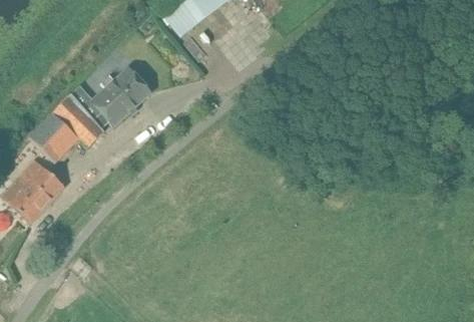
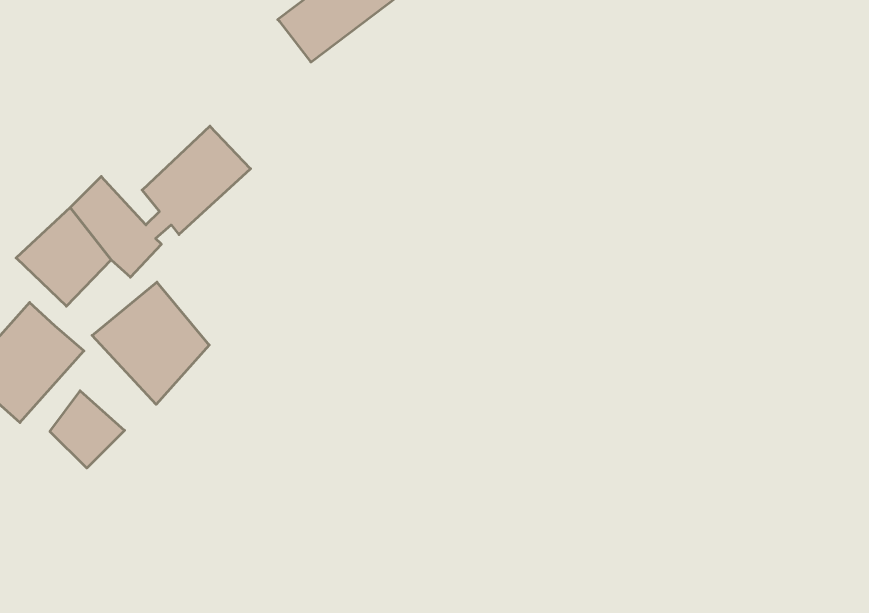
building: none -> [92,282,209,404]
building: none -> [50,391,125,468]

